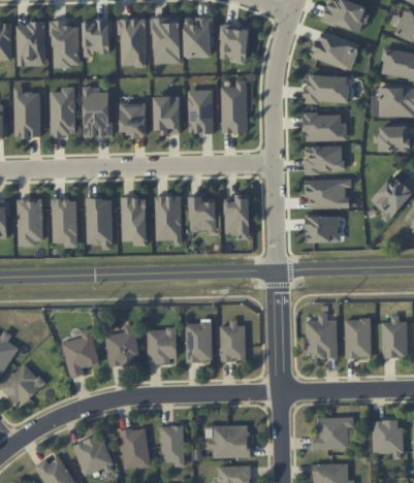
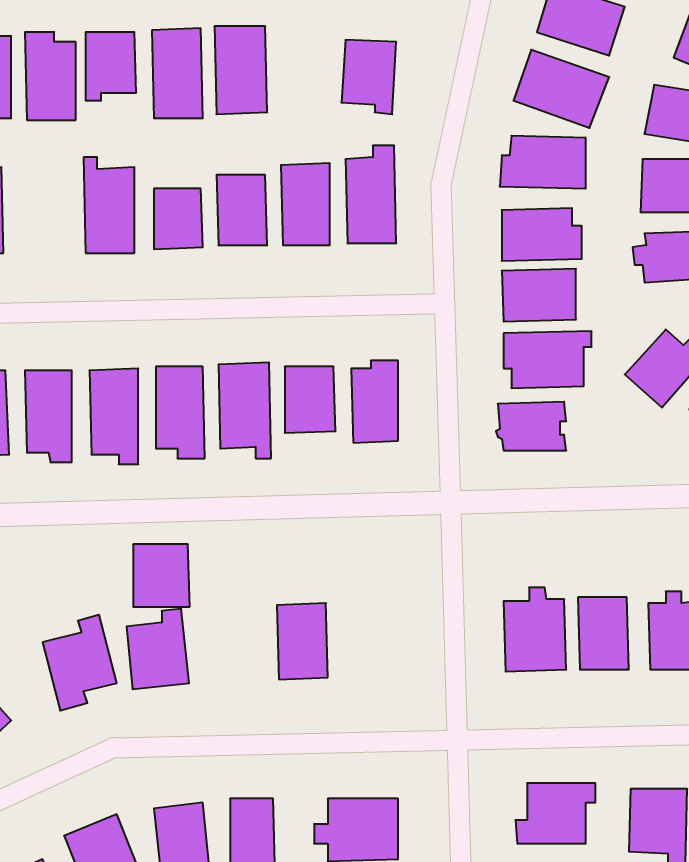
building: [184,18,212,58] -> none
building: [50,87,74,136] -> none
building: [219,320,246,361] -> none
building: [147,329,177,362] -> [133,544,190,607]

